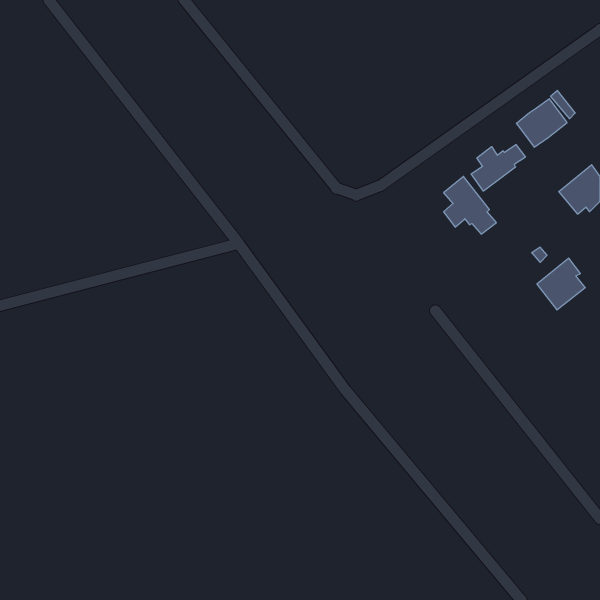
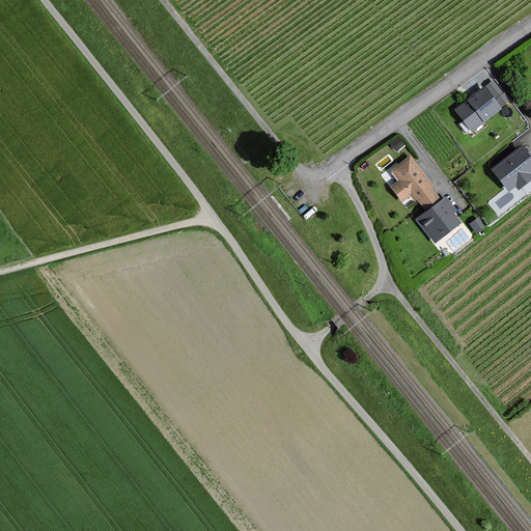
building: [471,145,525,191] -> none
building: [537,258,585,310] -> [417,196,459,242]

